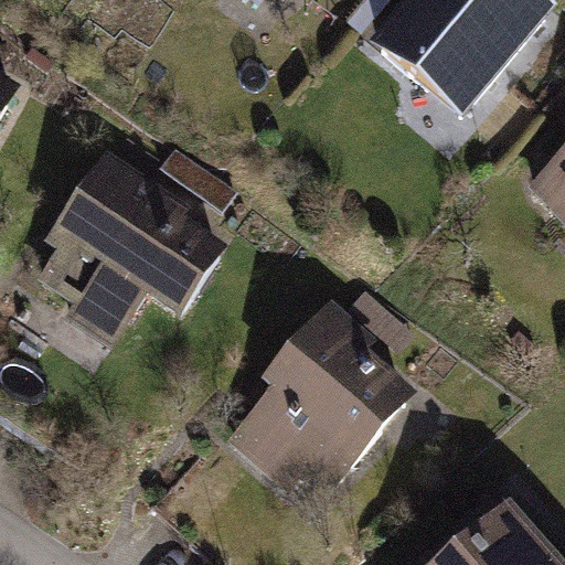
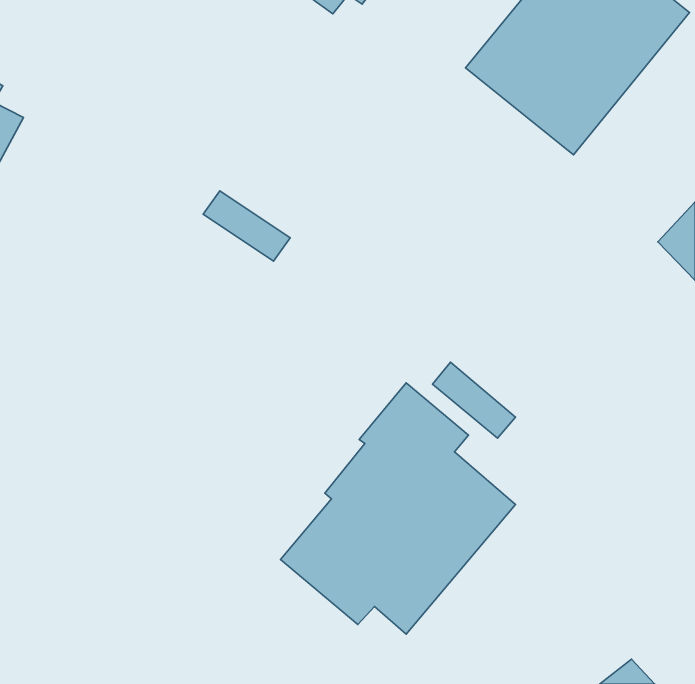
building: [34,153,227,354] -> none

